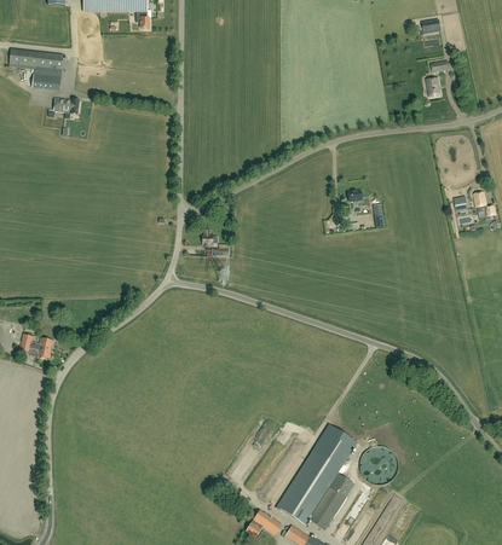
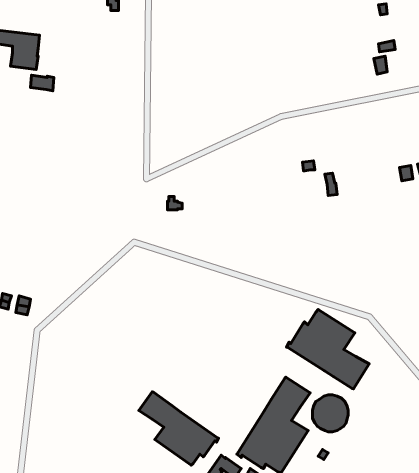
building: none -> [286,310,369,389]
building: none -> [139,392,219,465]

